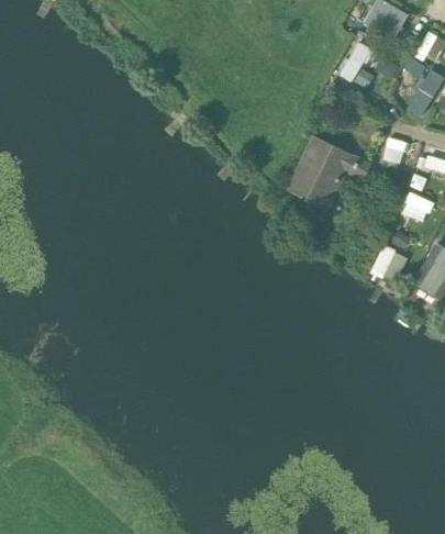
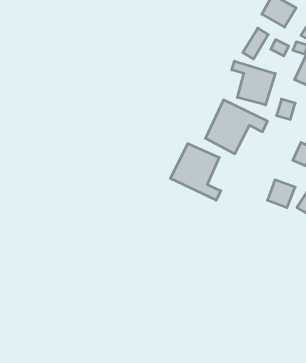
building: none -> [232,61,275,105]
building: none -> [170,144,221,200]

